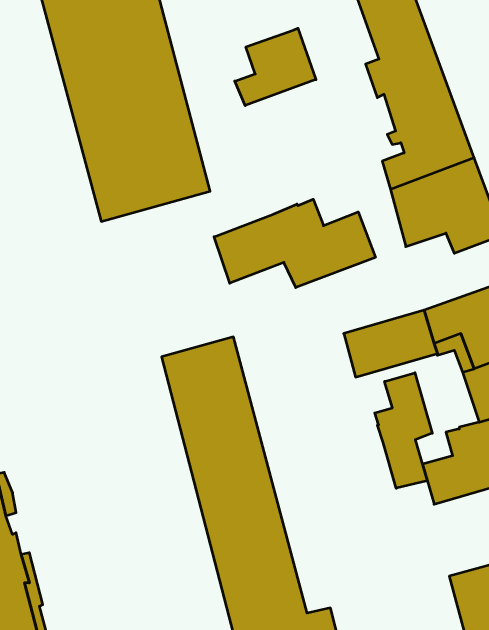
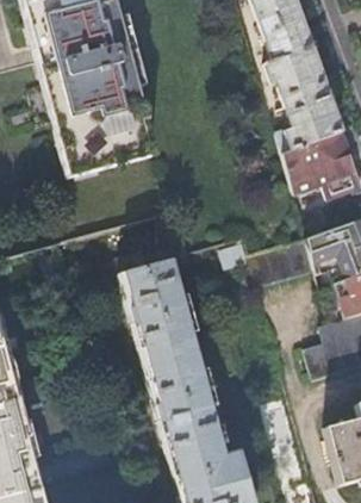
building: [235,28,316,106] -> none
building: [214,199,375,288] -> none
building: [375,373,432,488] -> none

